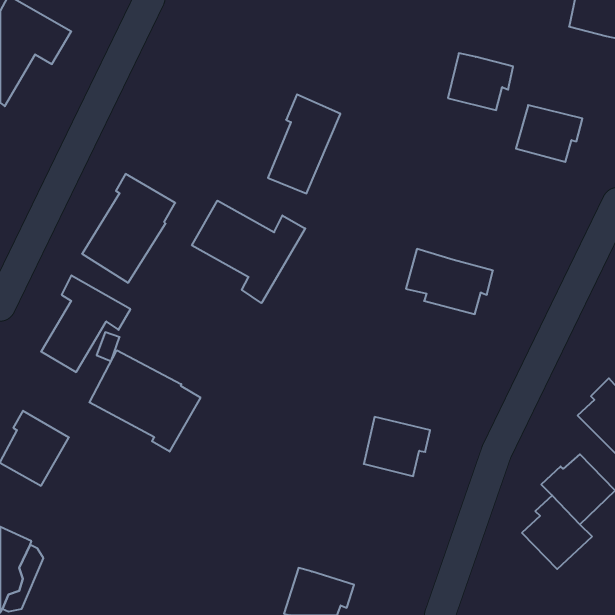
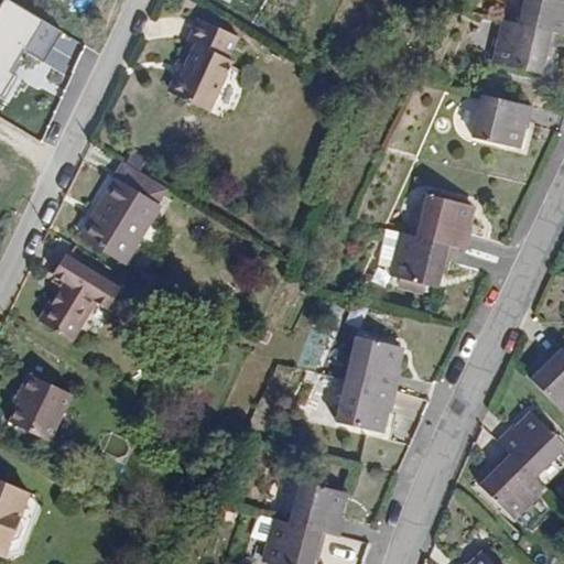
building: [448,53,513,110] -> [496,21,555,73]
building: [268,94,340,193] -> [174,18,240,108]
building: [192,201,305,303] -> none
building: none -> [415,194,473,250]
building: [89,350,200,452] -> none
building: none -> [344,337,400,392]
building: none -> [286,480,344,536]

